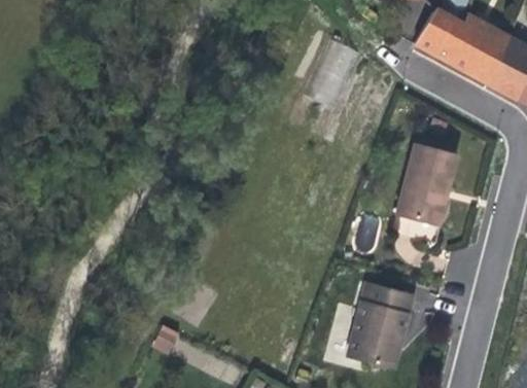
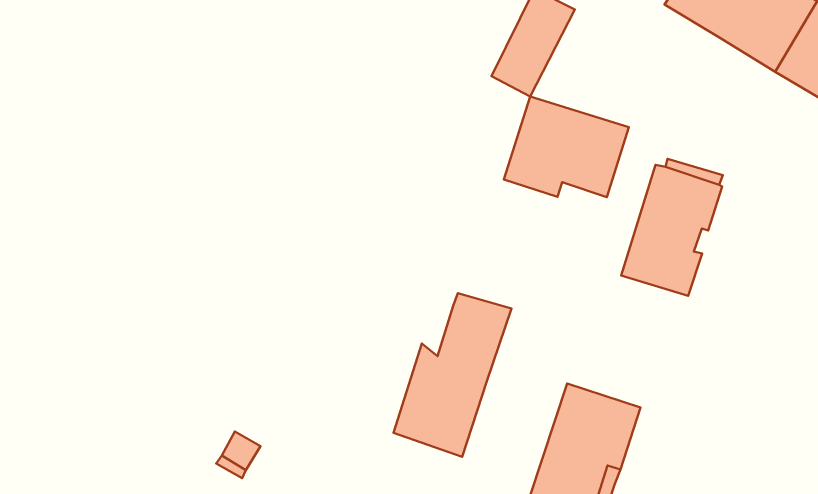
building: none -> [504,96,629,197]
building: none -> [394,293,511,457]

